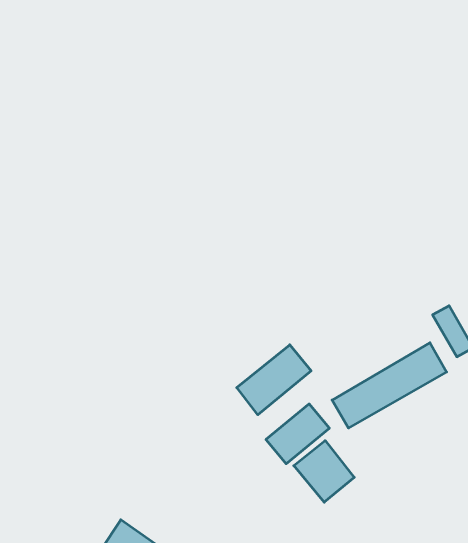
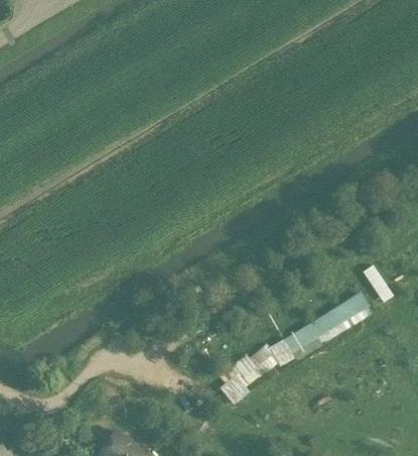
building: [237,345,311,415] -> none
building: [294,441,354,502] -> none

